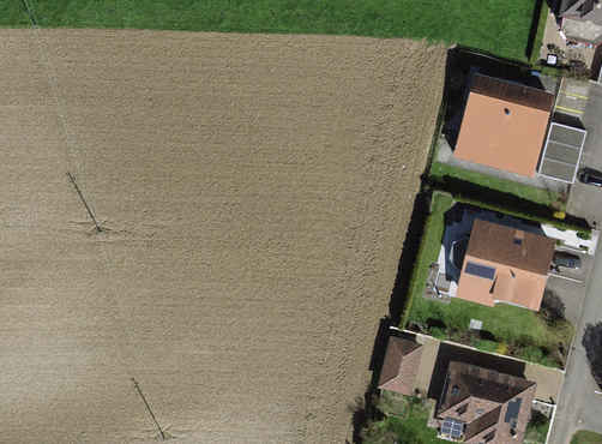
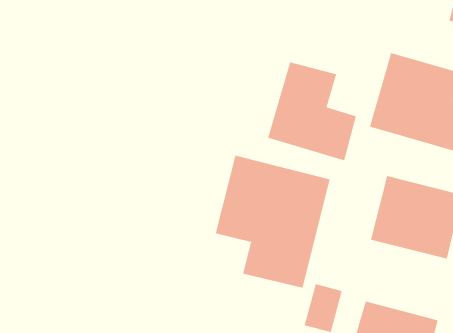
building: none -> [268,61,356,161]
building: none -> [215,155,330,288]

